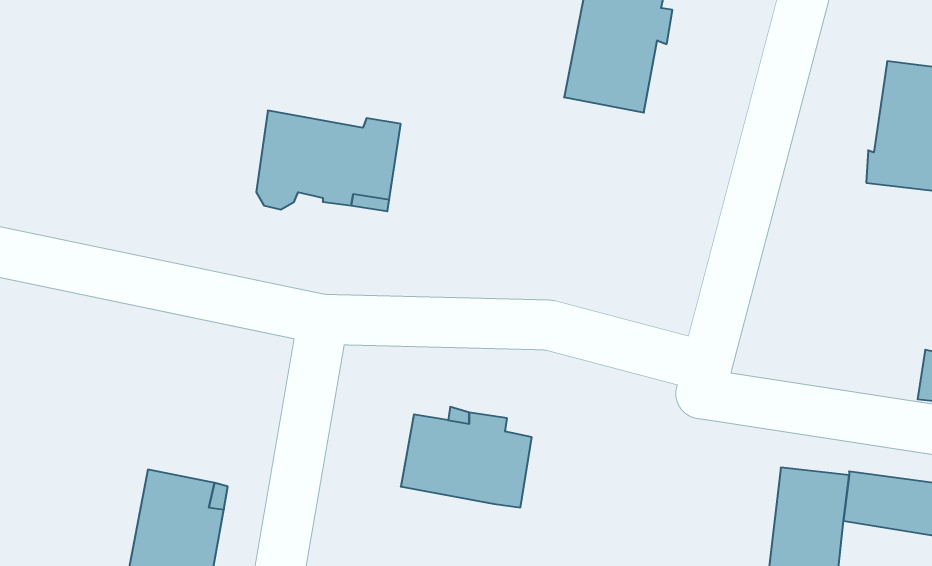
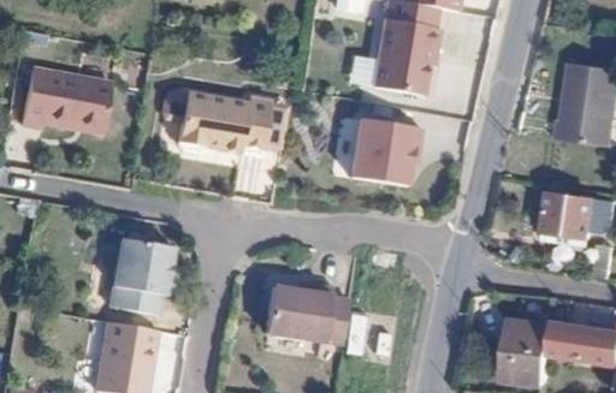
building: none -> [22,69,112,132]
building: none -> [349,115,421,184]
building: none -> [541,190,596,240]
building: none -> [112,237,174,312]

